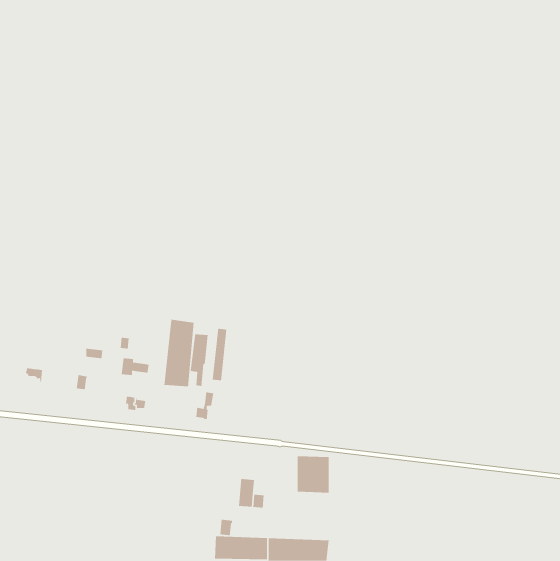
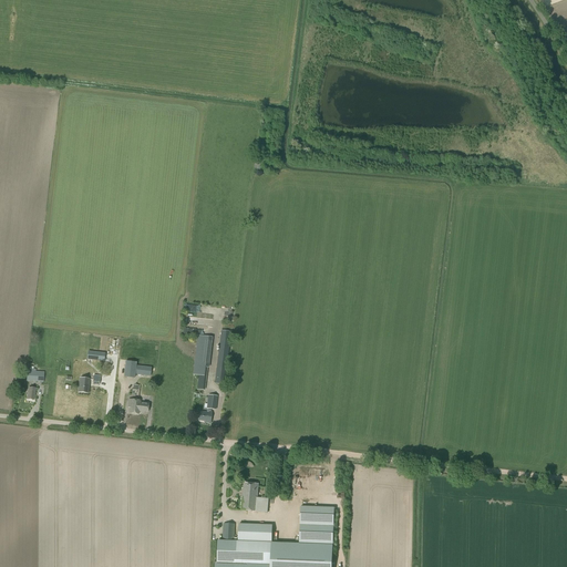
building: [164,319,194,387] -> none
building: [297,456,330,493] -> [299,506,332,544]
building: none -> [237,525,271,542]

